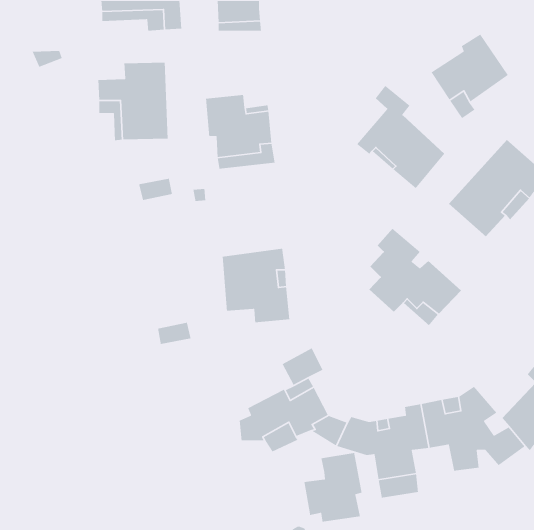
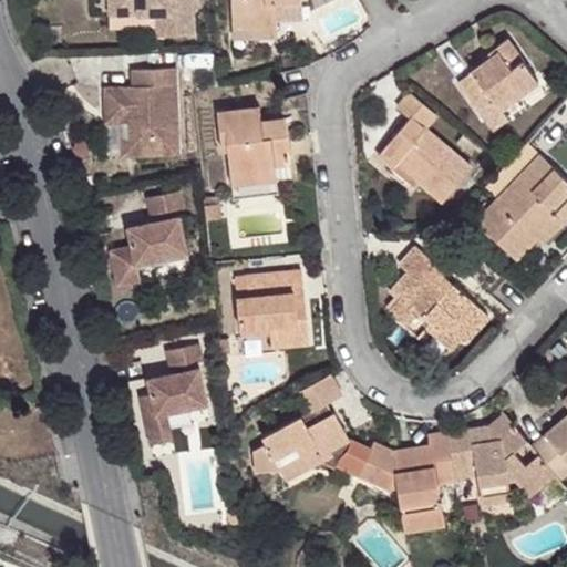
building: none -> [111,219,187,288]
building: none -> [141,370,207,446]
building: [304,452,362,523] -> none

